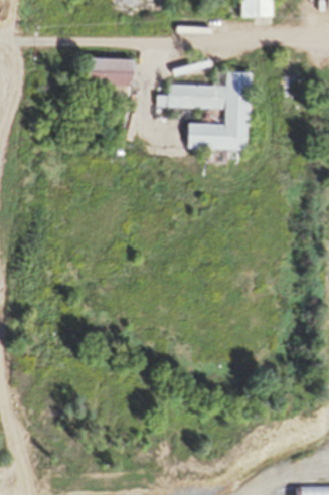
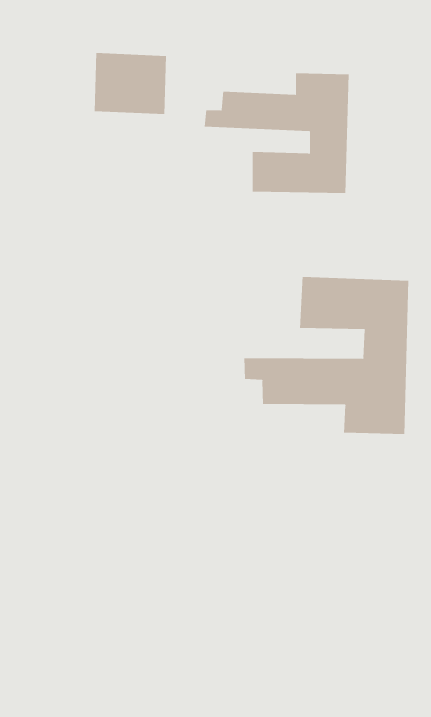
building: none -> [244,276,409,435]

